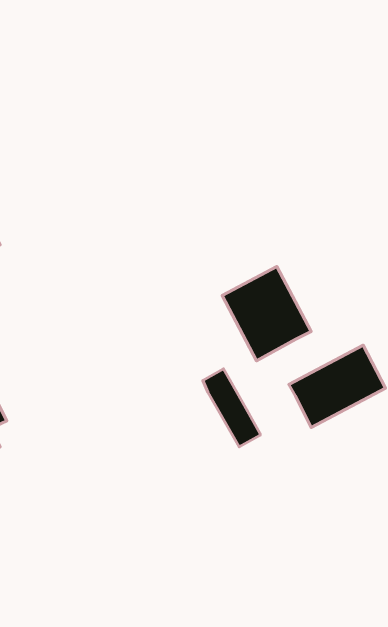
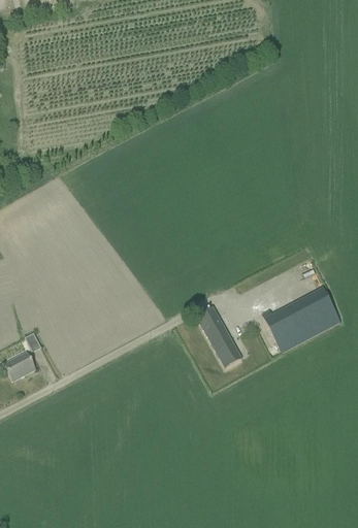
building: [222,266,311,361] -> none

